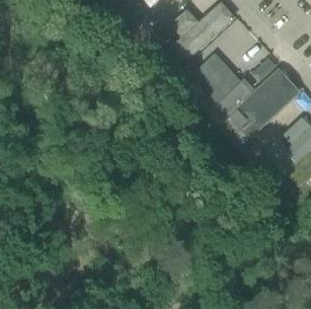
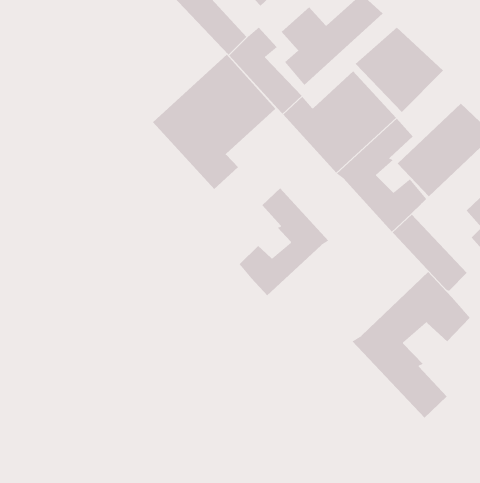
building: none -> [152,54,276,190]
building: none -> [239,188,329,296]
building: none -> [352,271,470,419]

